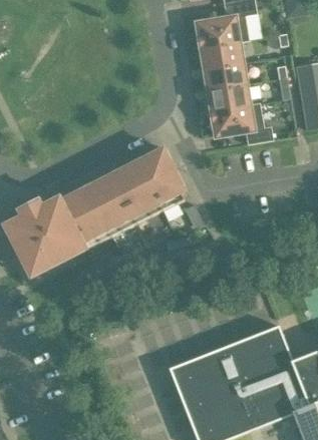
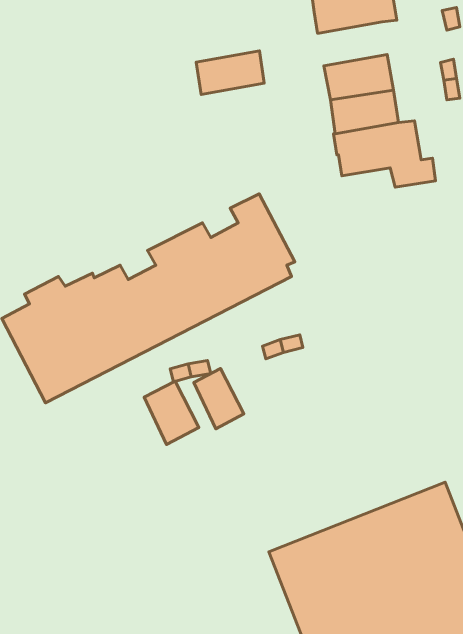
building: [201,40,243,67] -> [196,51,264,94]
building: none -> [194,368,244,429]
building: none -> [144,381,199,444]

